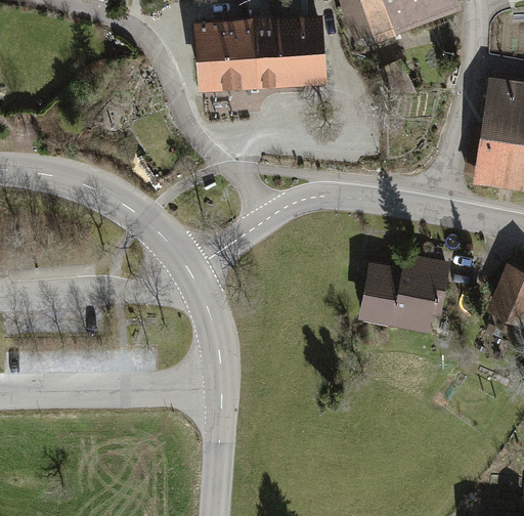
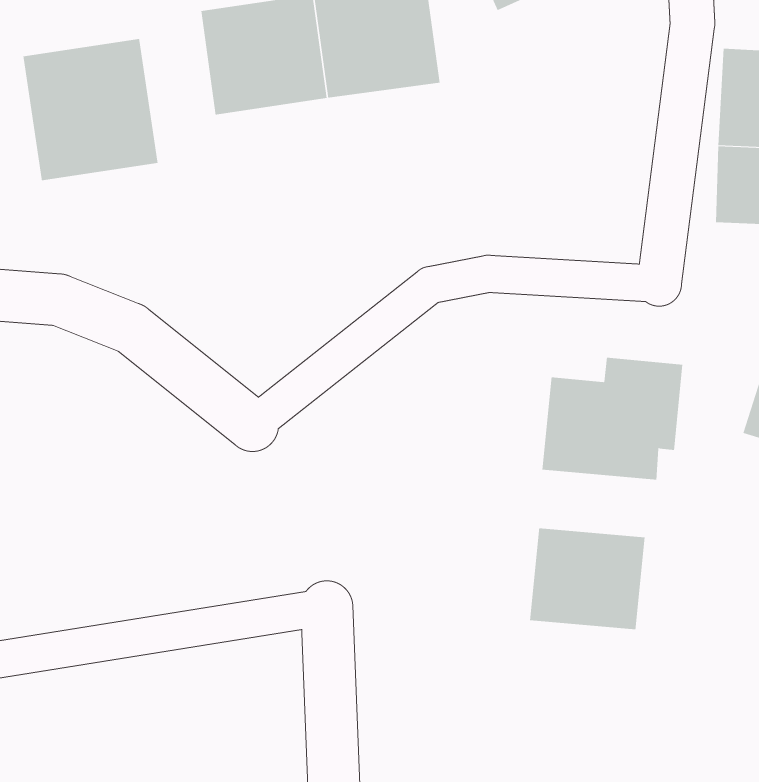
building: none -> [23,38,158,181]
building: none -> [530,527,645,630]

